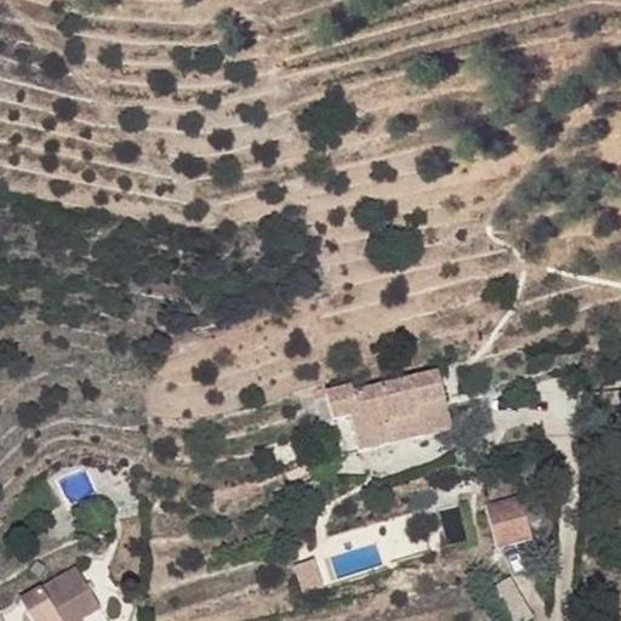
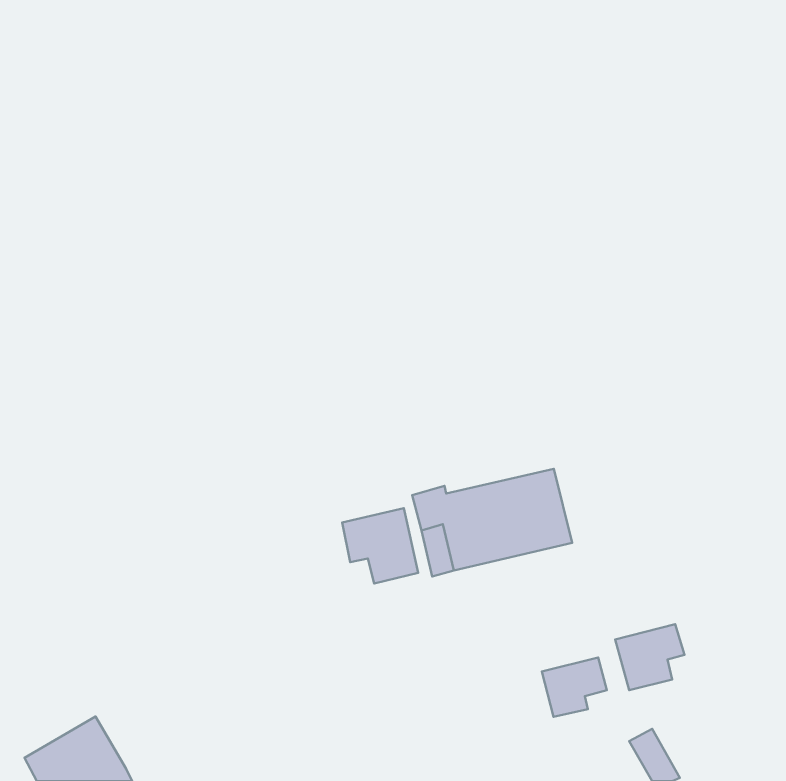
building: none -> [342,508,418,583]
building: none -> [542,658,607,717]

